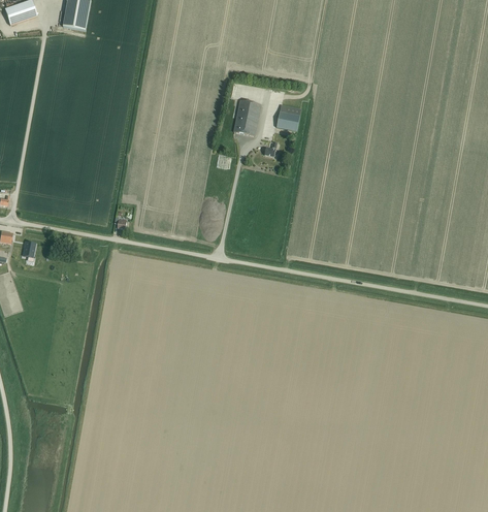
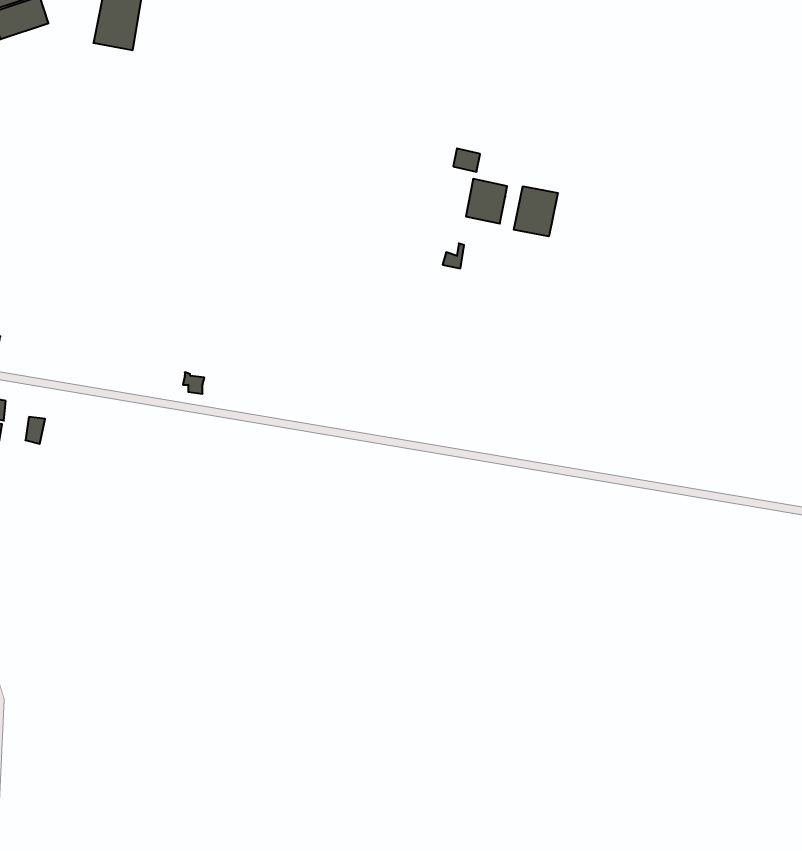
building: [234,99,261,135] -> none
building: none -> [514,186,558,236]

